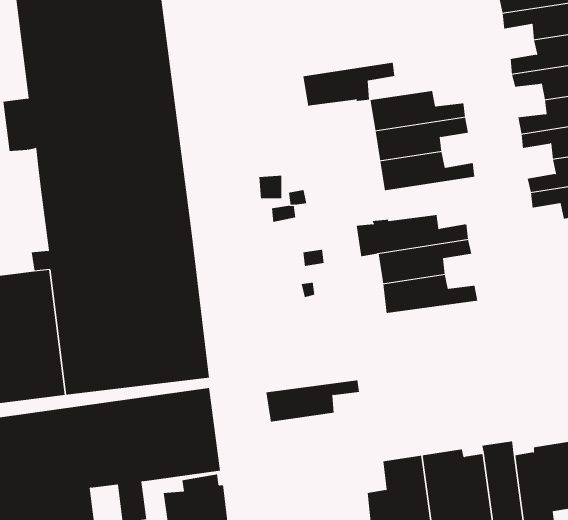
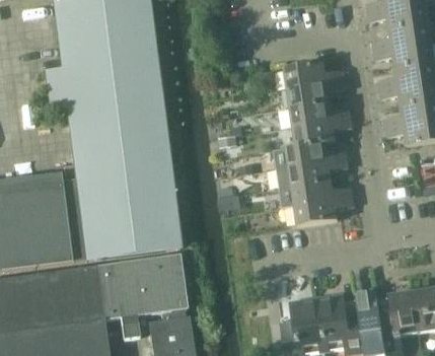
building: [302,62,395,106] -> [292,118,352,146]
building: [266,380,360,422] -> [293,198,354,225]

